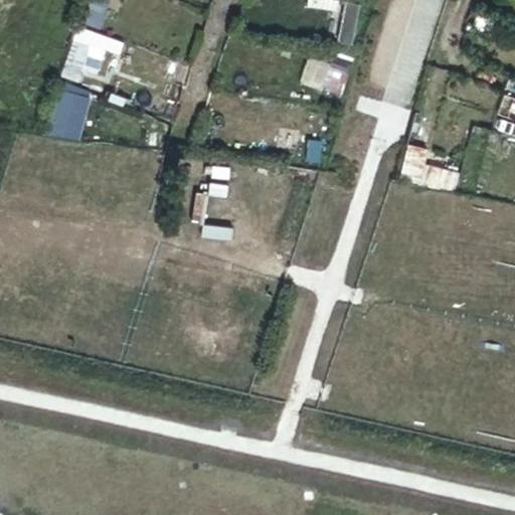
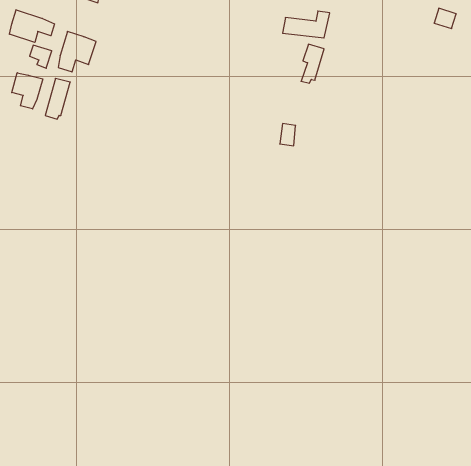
building: none -> [9,10,54,42]
building: none -> [12,73,43,109]

